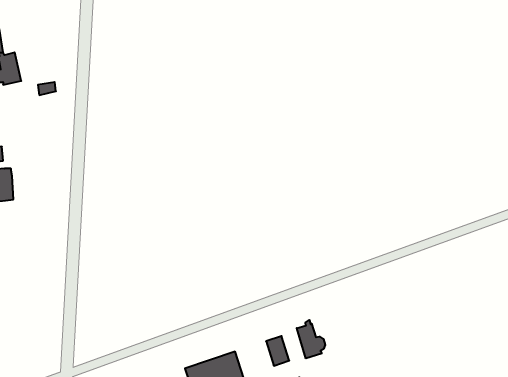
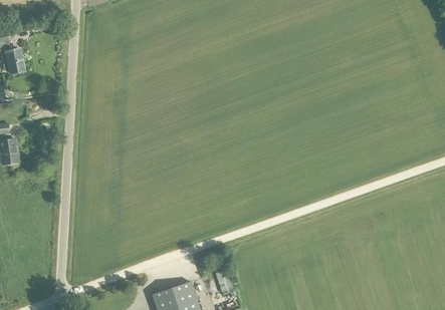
building: [297,320,325,358] -> none

